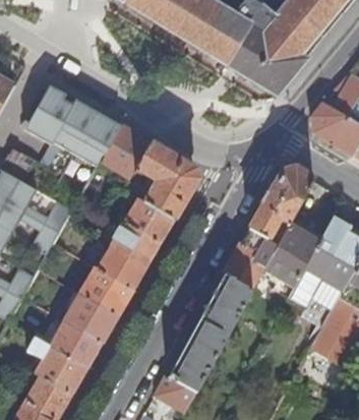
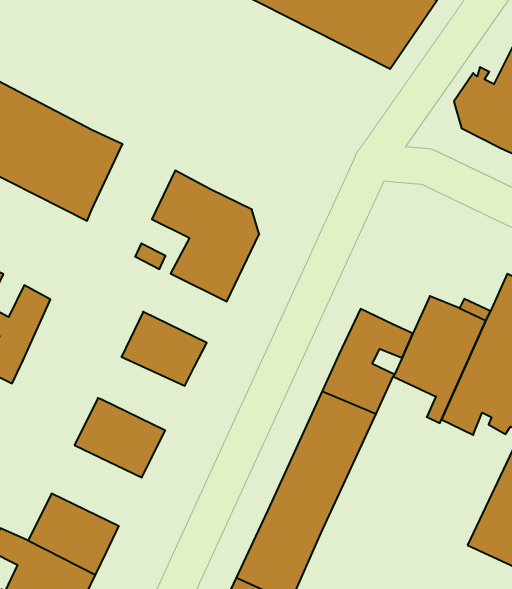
building: [101,125,149,178] -> none
building: [248,169,313,239] -> none
building: [125,198,173,241] -> none
building: [98,245,145,289] -> none
building: [65,293,117,341] -> none

